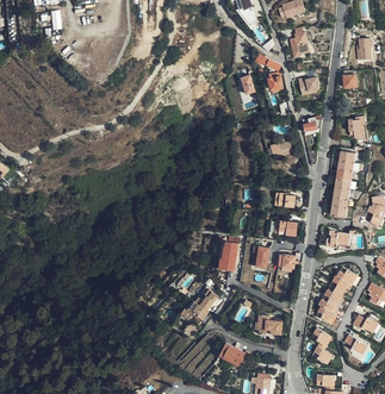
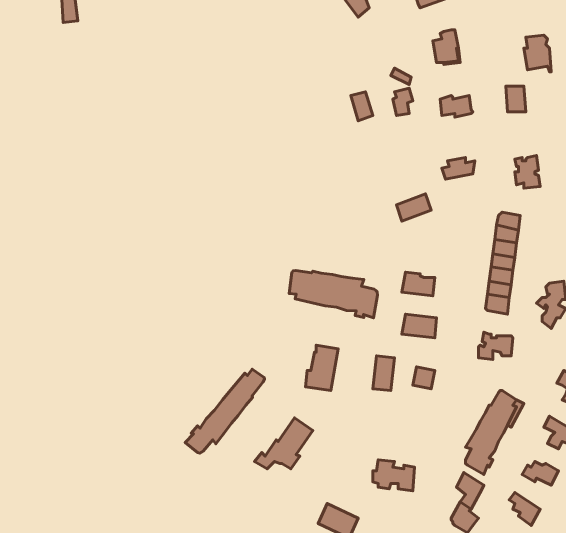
building: none -> [289,270,378,318]
building: none -> [185,369,265,453]

